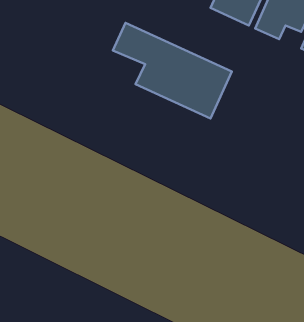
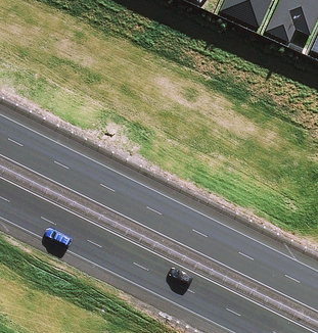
building: [113,23,232,118] -> none

